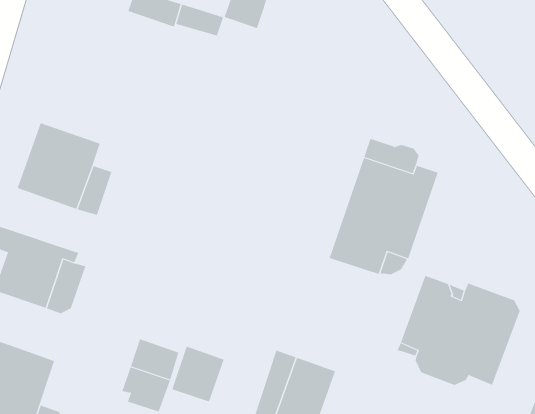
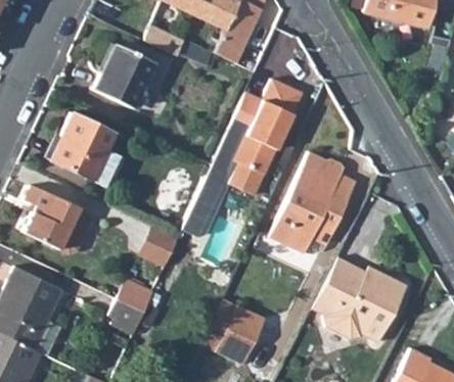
building: none -> [93,45,154,108]
building: none -> [183,79,303,237]
building: [172,346,224,402] -> [138,225,179,268]

